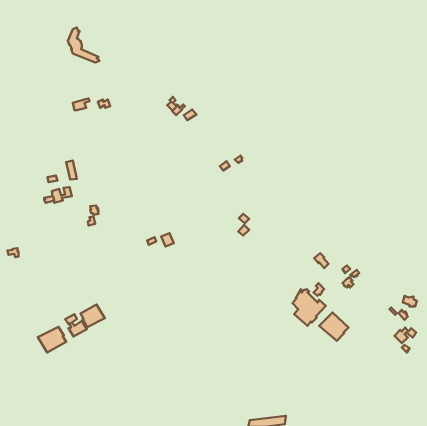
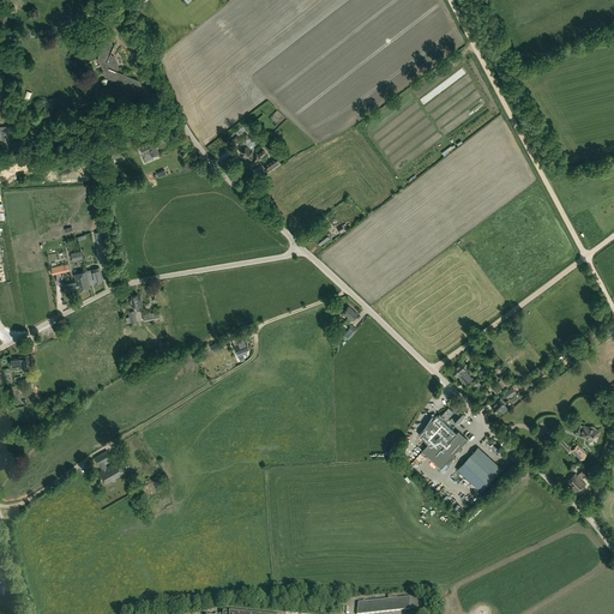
building: [80,304,105,327] -> none
building: [38,327,66,353] -> none

